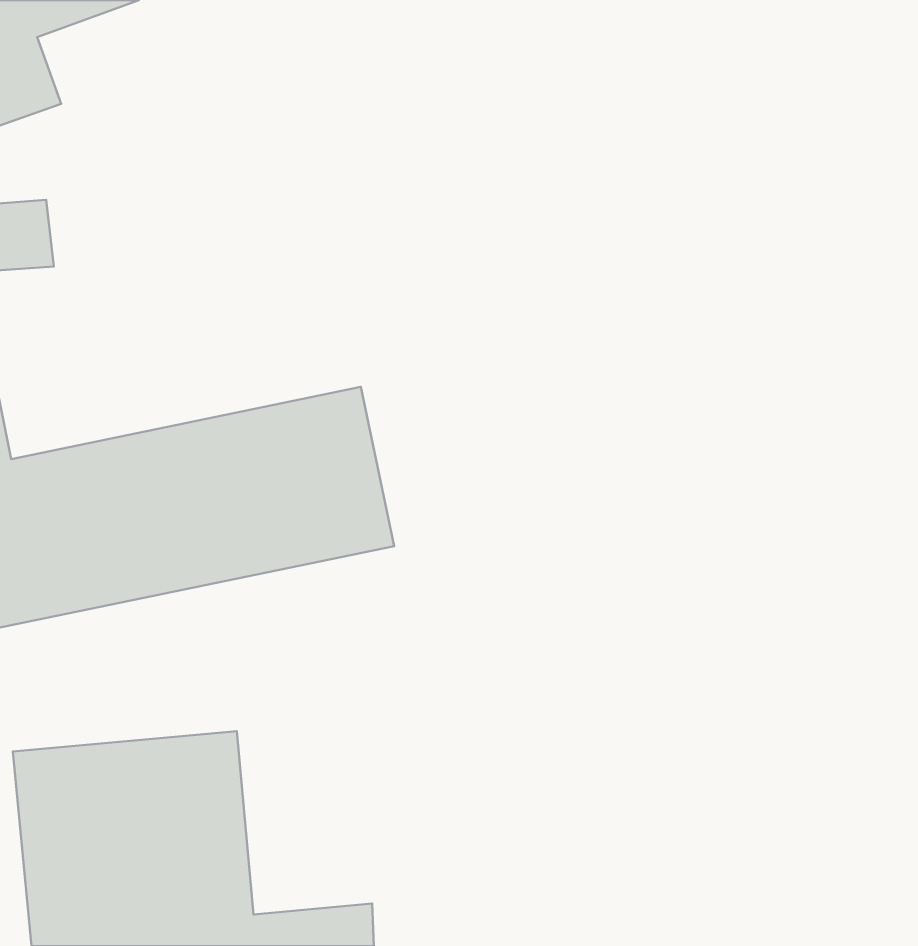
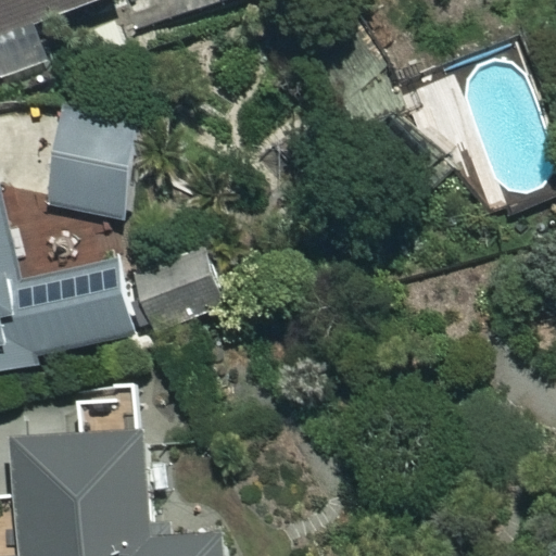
building: none -> [41,105,141,216]

